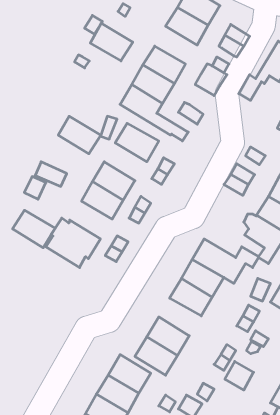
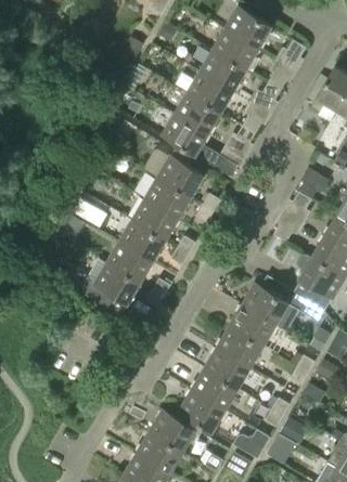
building: [90,23,133,61] -> [200,50,246,91]
building: [58,116,101,154] -> [144,178,191,219]
building: [13,210,55,248] -> [106,242,153,283]
building: none -> [204,348,250,389]

